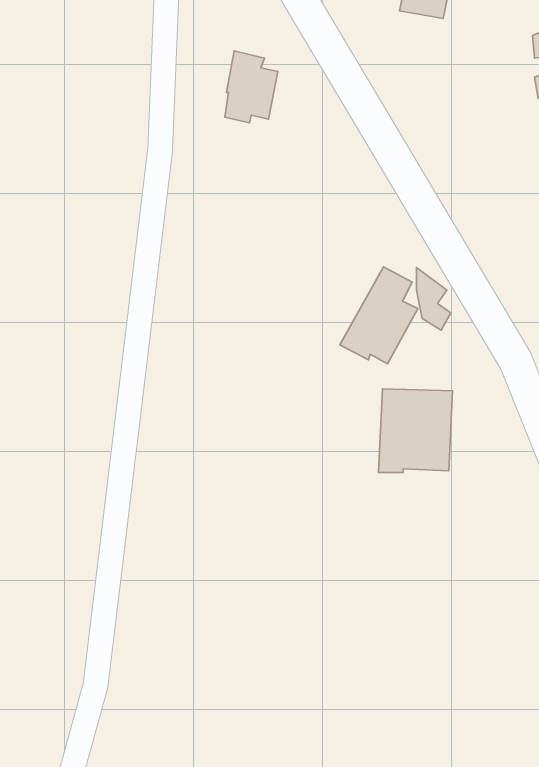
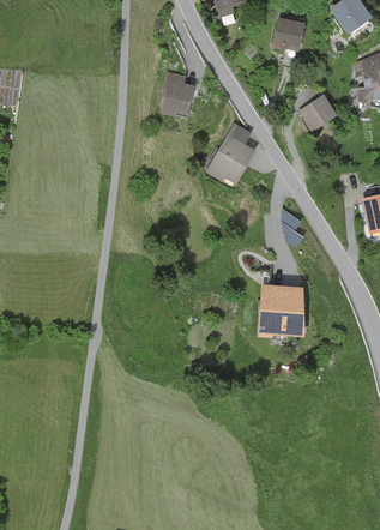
building: none -> [298,94,337,131]
building: [340,267,418,364] -> [206,122,255,183]

